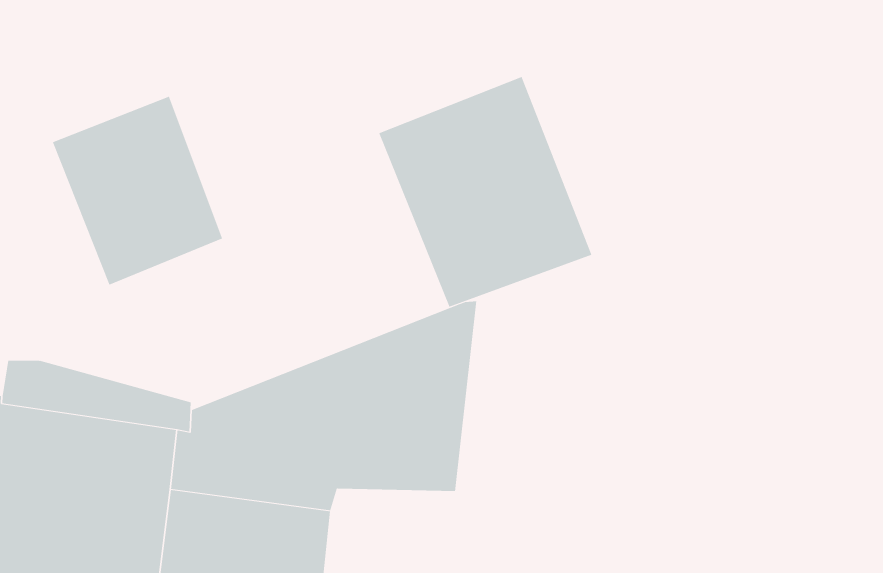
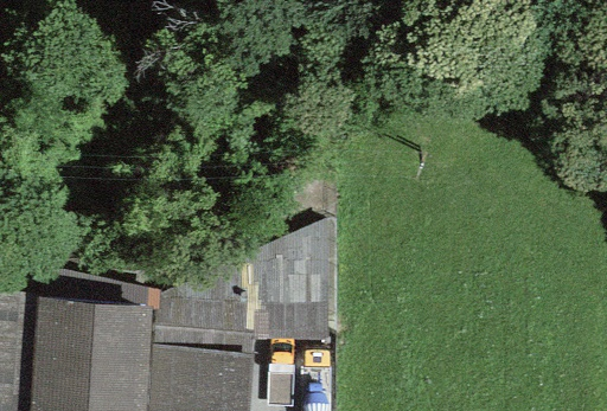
building: [379,76,592,307] -> none
building: [52,96,223,286] -> none

